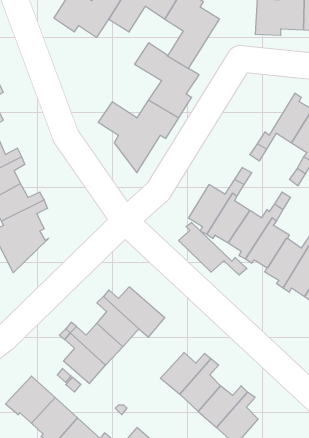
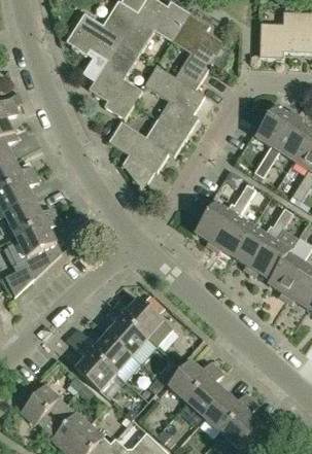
building: none -> [89,42,142,118]
building: none -> [255,105,297,153]
building: [179,222,247,275] -> none

